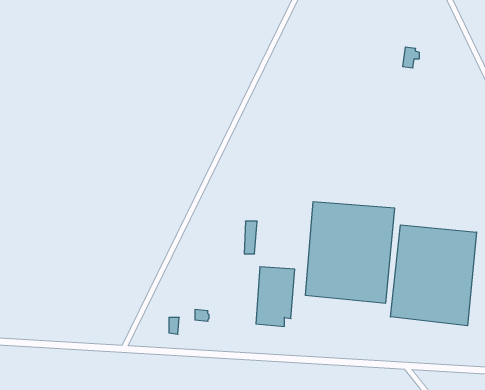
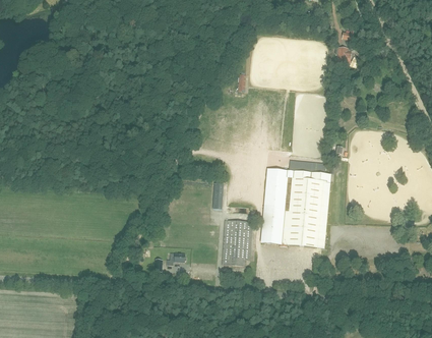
building: [391,225,477,326] -> none

